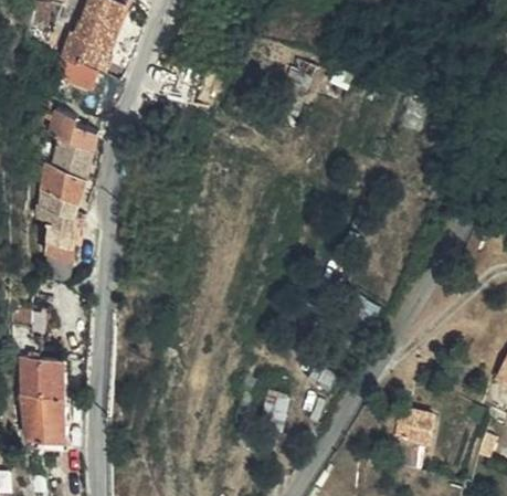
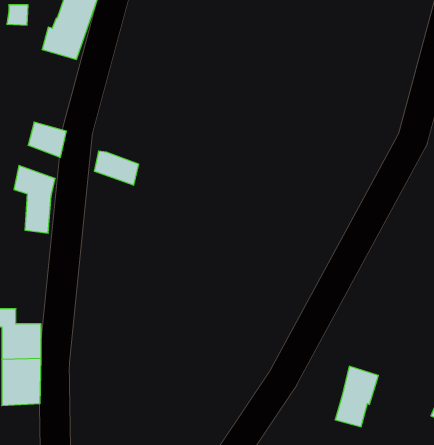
building: [50,113,96,149] -> none
building: [38,163,86,201] -> [94,151,139,185]

